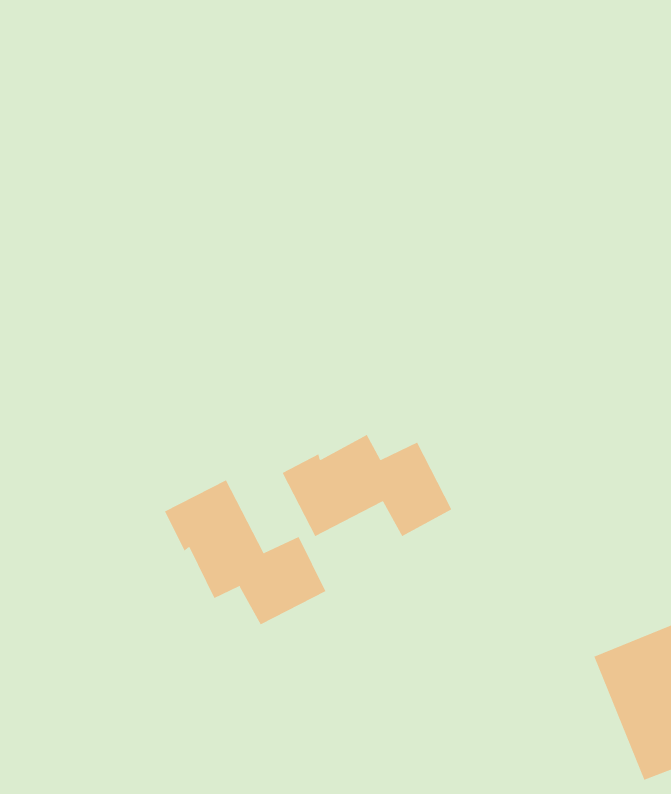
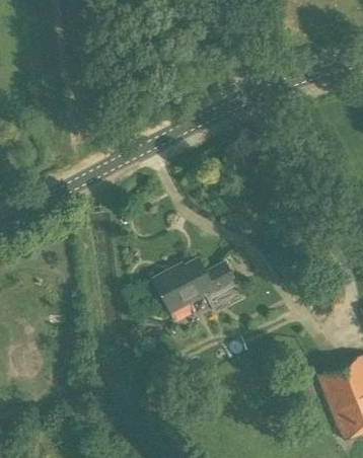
building: [164,479,326,625] -> none

